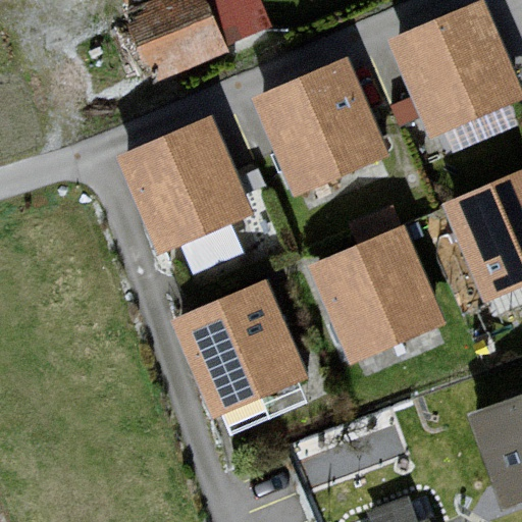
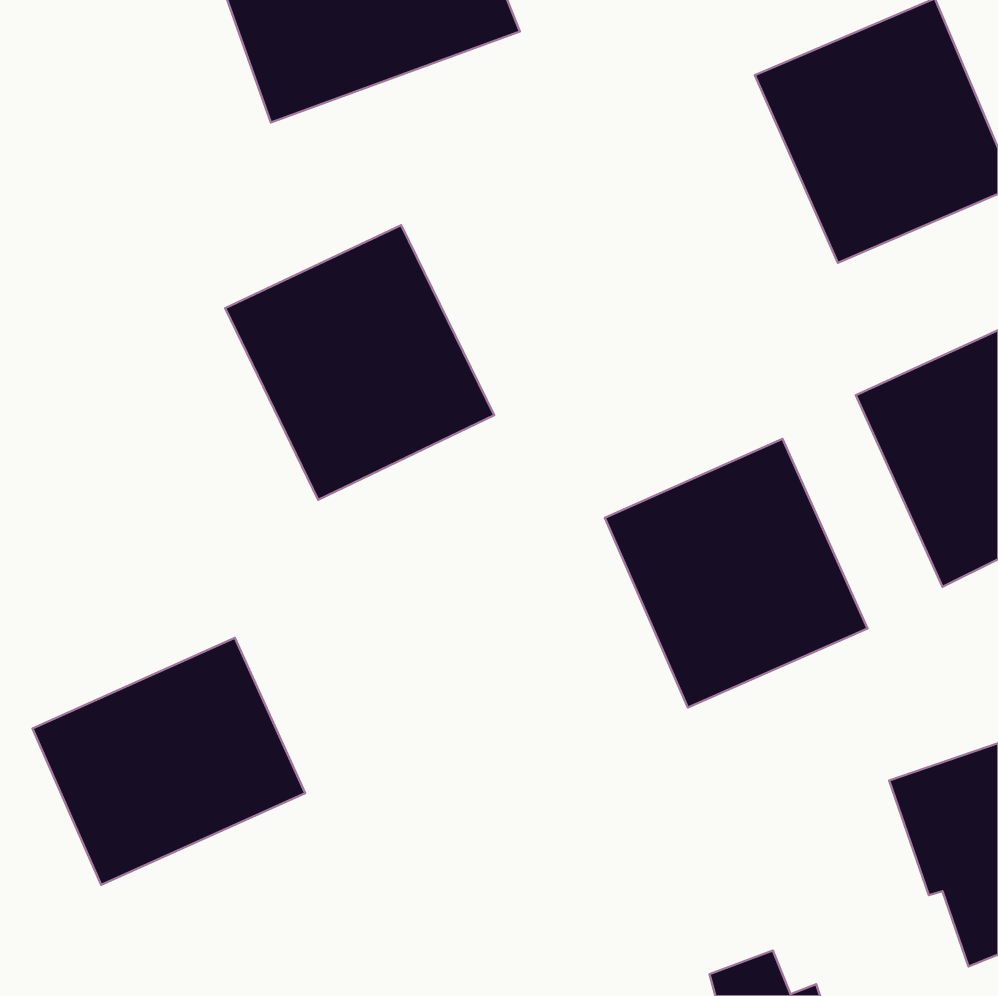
building: [254,59,388,196] -> none
building: [174,284,310,422] -> none
building: none -> [33,638,305,885]

